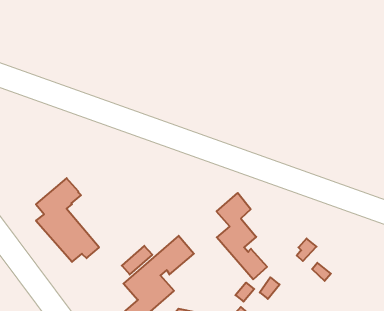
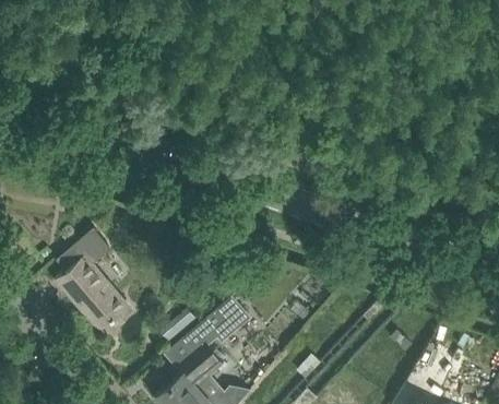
building: [217,193,267,279] -> none

